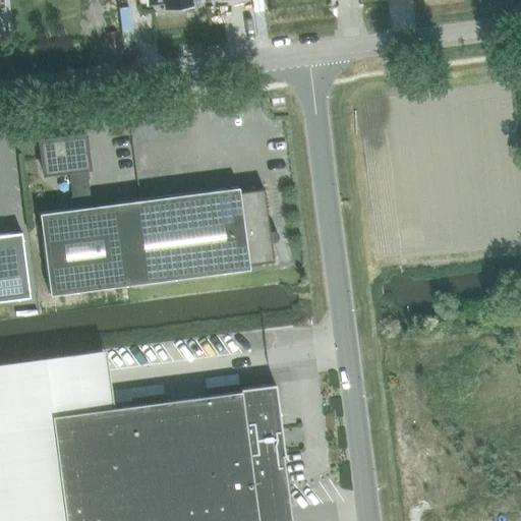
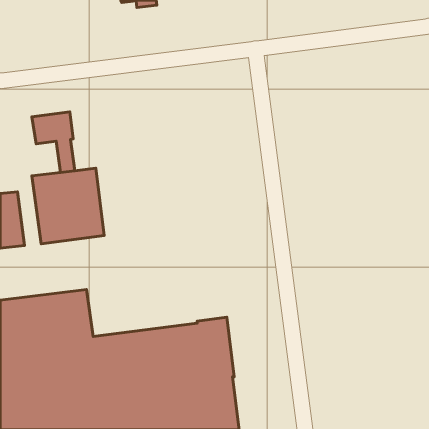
building: [116,188,273,286] -> none

